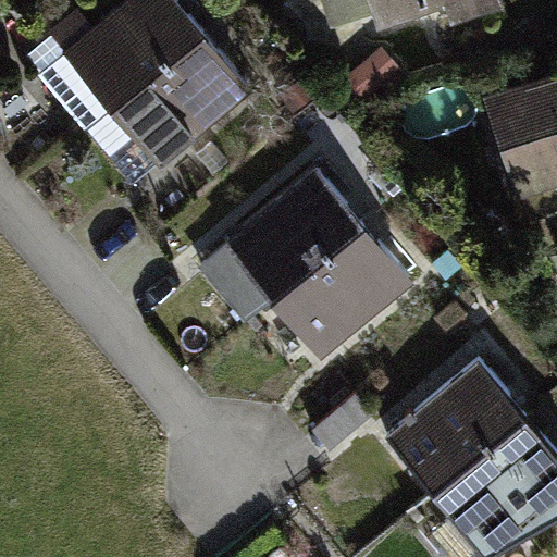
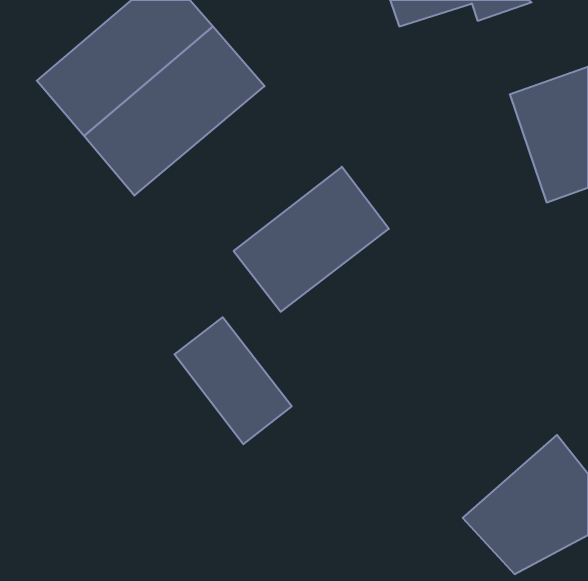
building: [265,223,412,359] -> none
building: none -> [174,317,292,444]
building: [383,356,527,496] -> none

